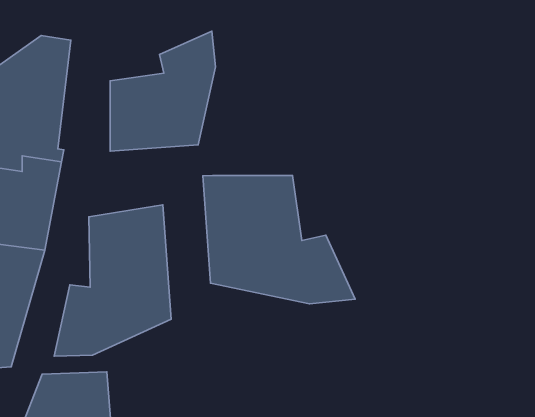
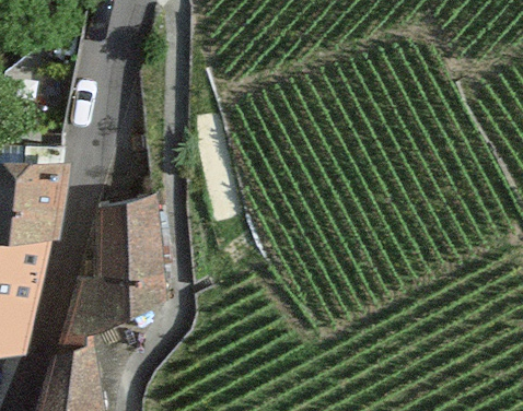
building: [110,31,216,151] -> none
building: [203,175,355,304] -> none

